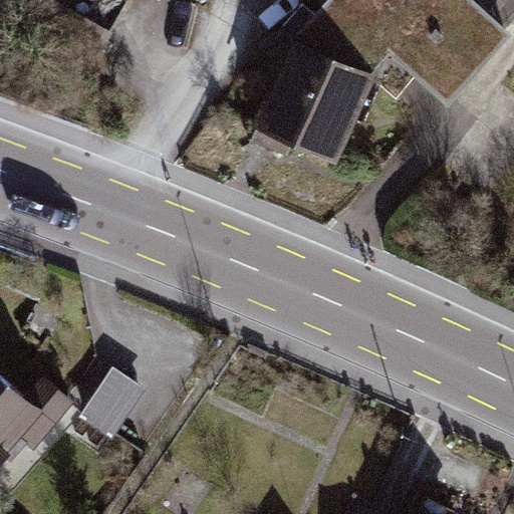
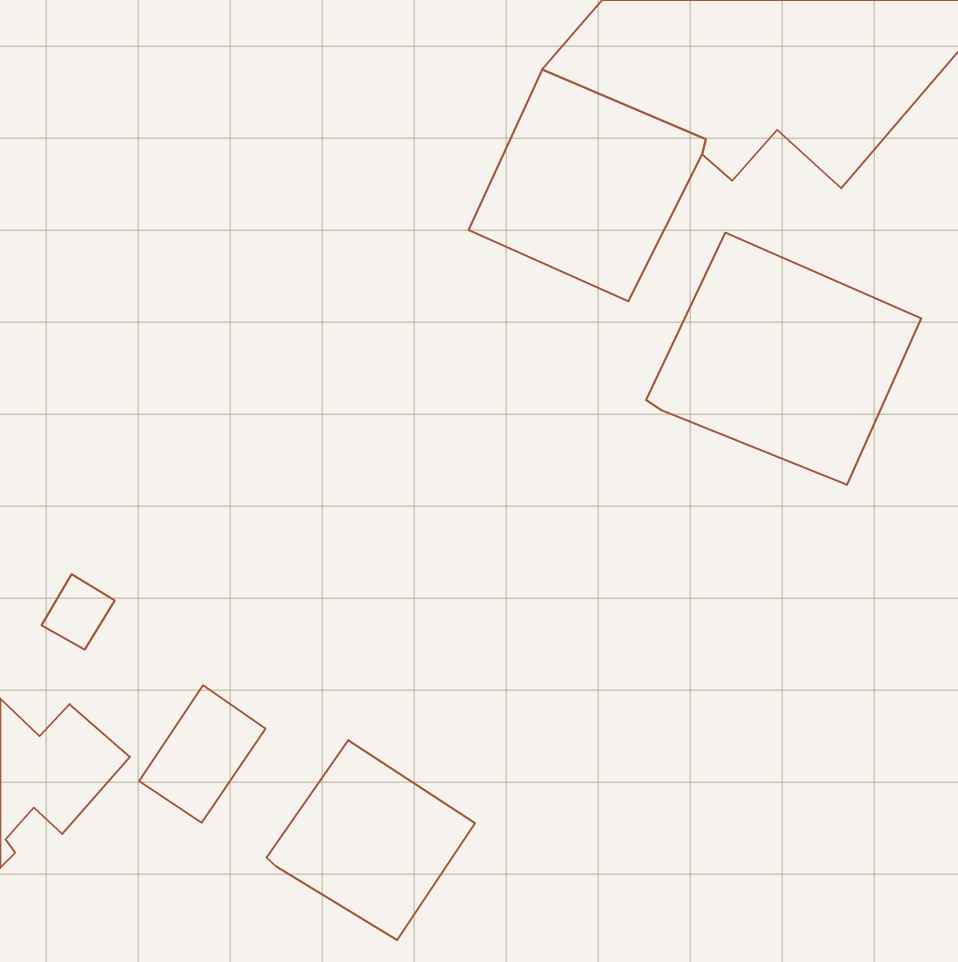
building: none -> [646,233,921,485]
building: none -> [266,740,475,940]

